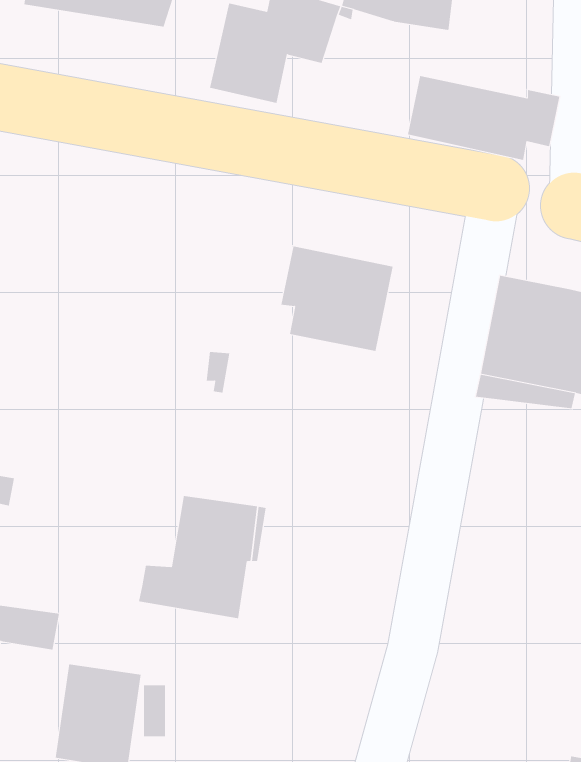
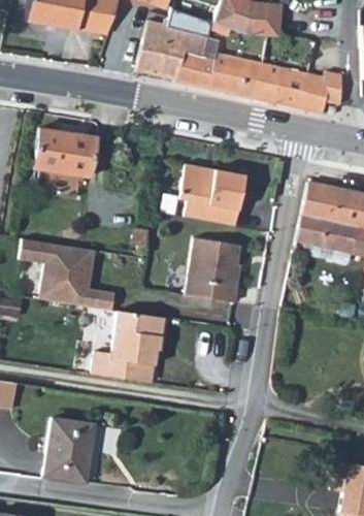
building: none -> [177,51,262,98]
building: none -> [34,128,96,176]
building: none -> [23,235,119,312]
building: none -> [184,237,240,303]

